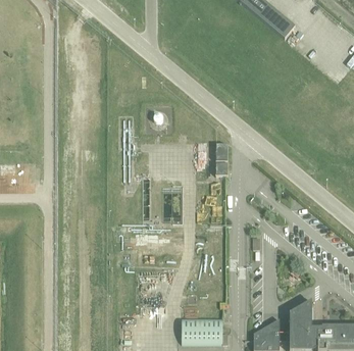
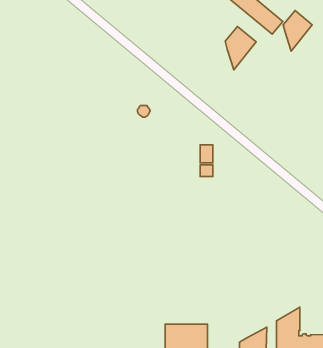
building: none -> [283,11,312,51]
building: none -> [225,26,256,70]

